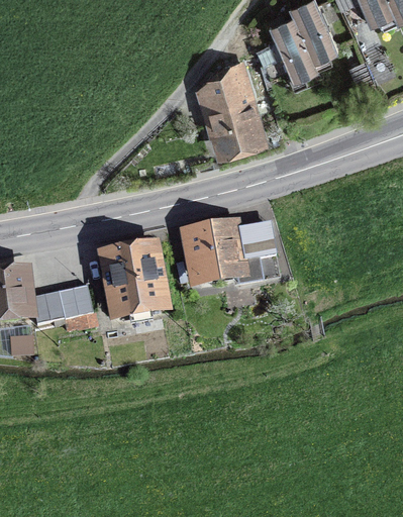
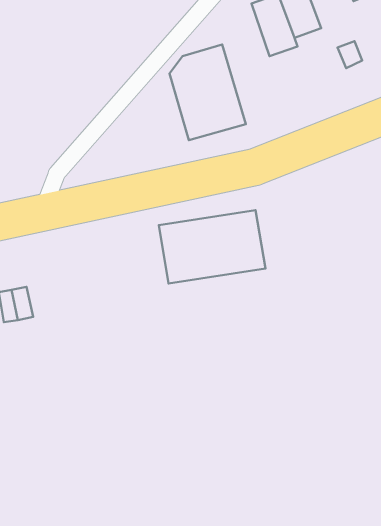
building: [96,239,170,319] -> none
building: [60,285,93,319] -> none

